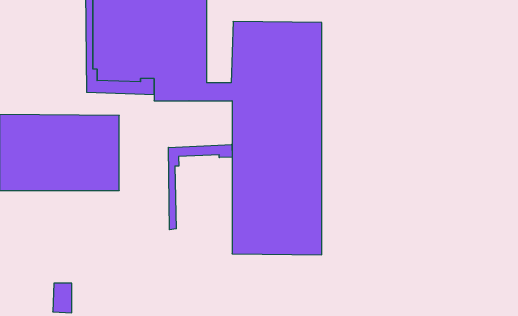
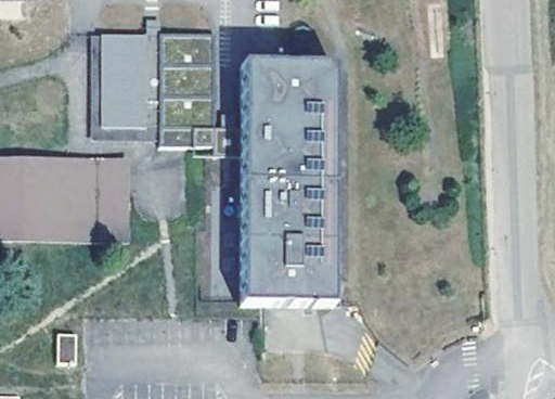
building: [168,144,232,230] -> none

